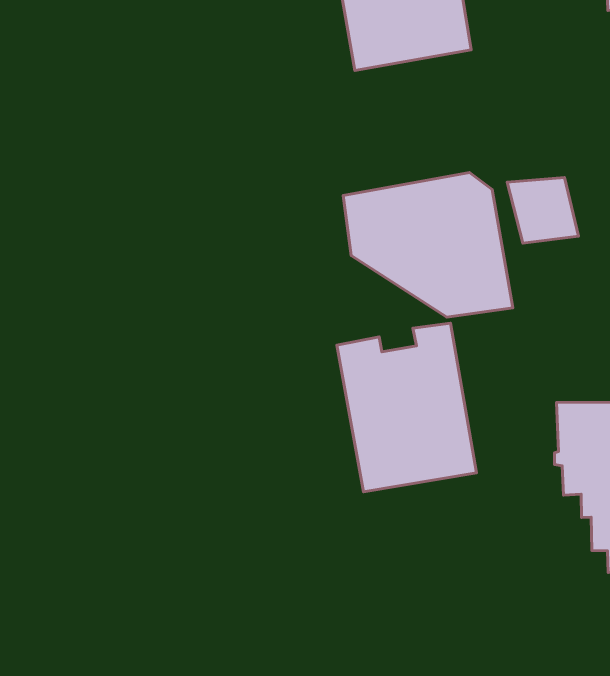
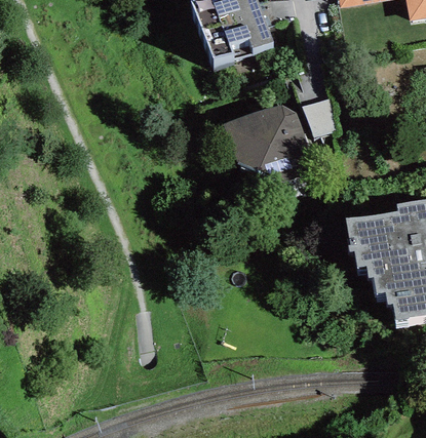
building: [337,323,476,492] -> none

